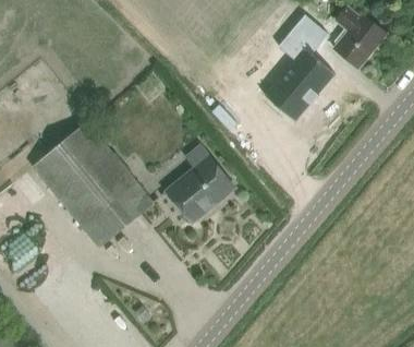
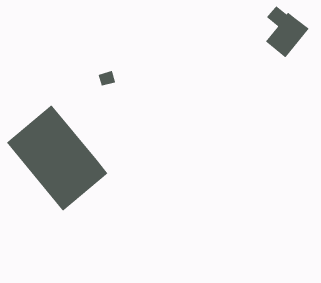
building: [270,8,339,113] -> none
building: [165,146,231,225] -> none

